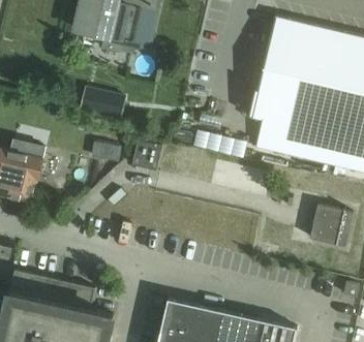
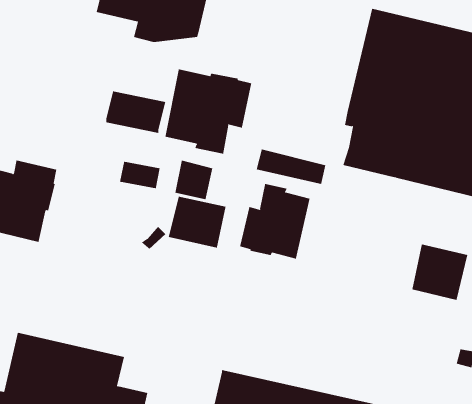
building: none -> [165,68,252,154]
building: none -> [240,183,310,259]
building: none -> [168,196,226,248]

